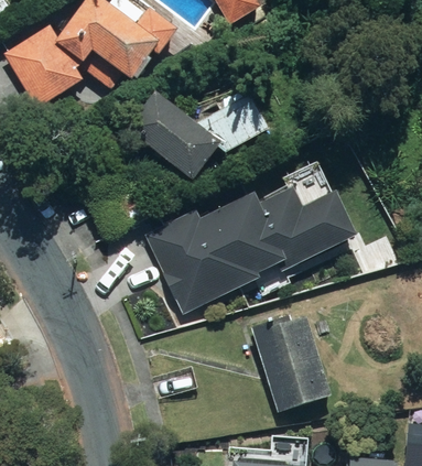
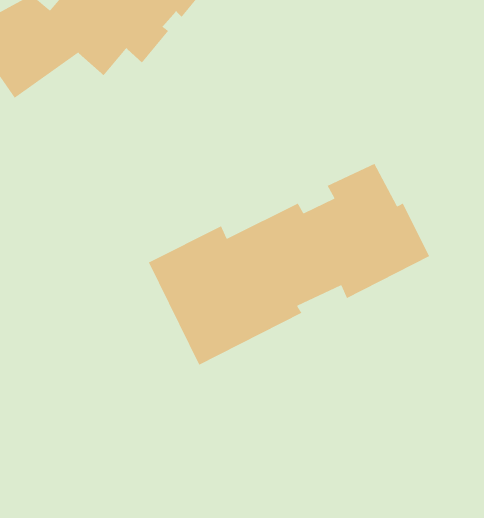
building: [142,86,273,178] -> none
building: [247,315,331,412] -> none

